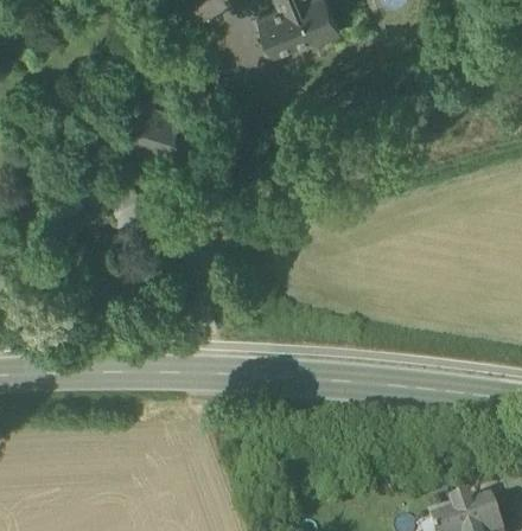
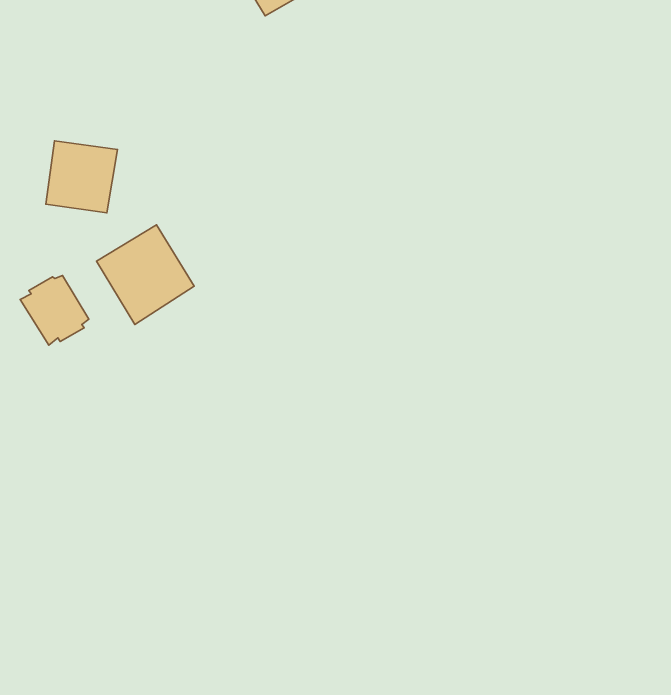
building: none -> [97,225,194,325]

